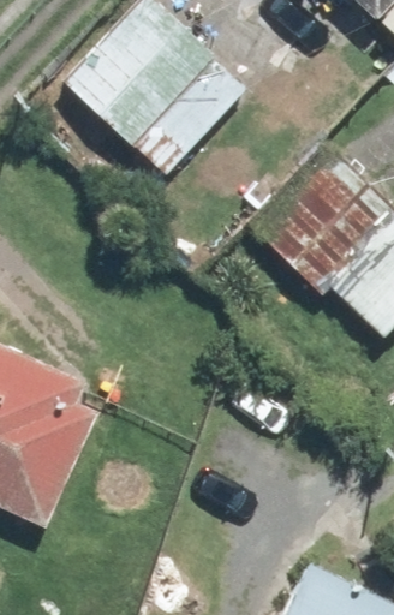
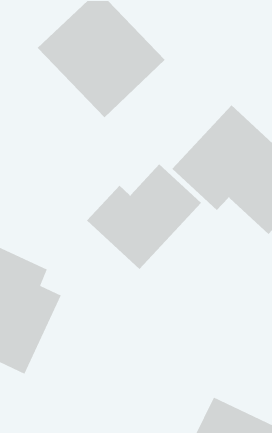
building: none -> [86,163,202,270]

